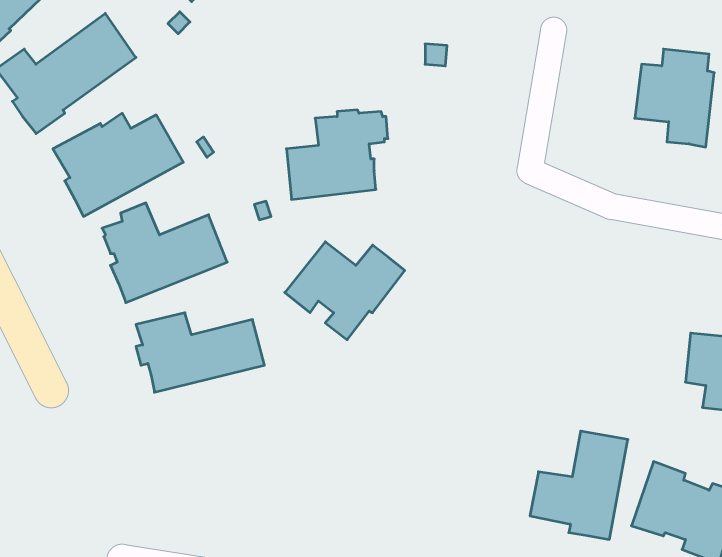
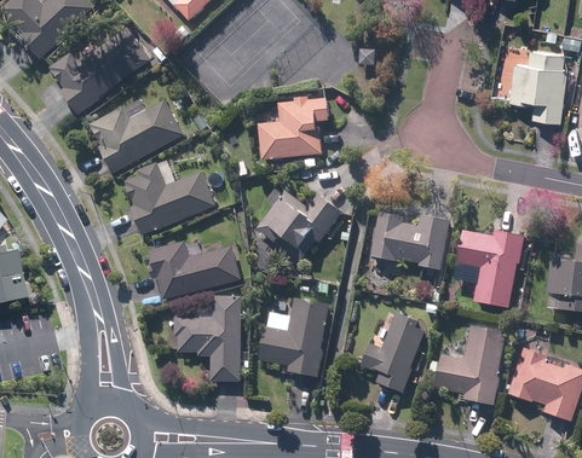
building: none -> [368,213,446,269]
building: none -> [454,231,520,307]
building: none -> [175,296,242,381]
building: none -> [261,298,330,376]
building: none -> [362,313,425,393]

